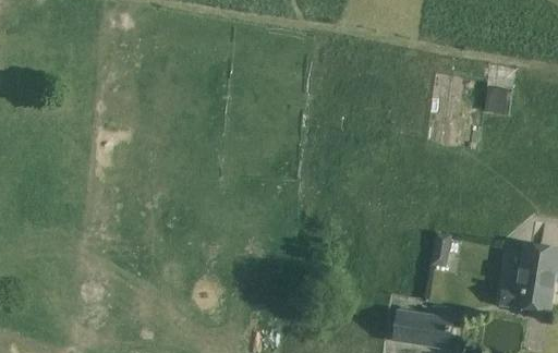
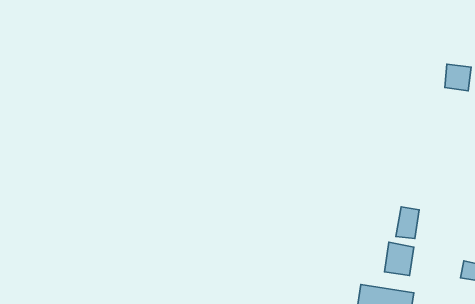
building: none -> [384,242,414,276]

